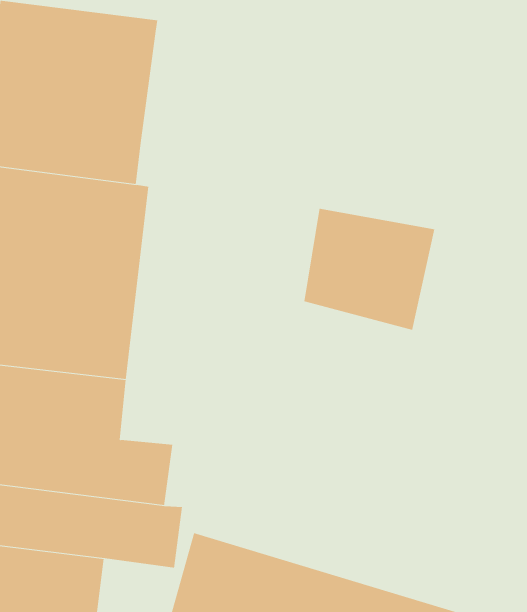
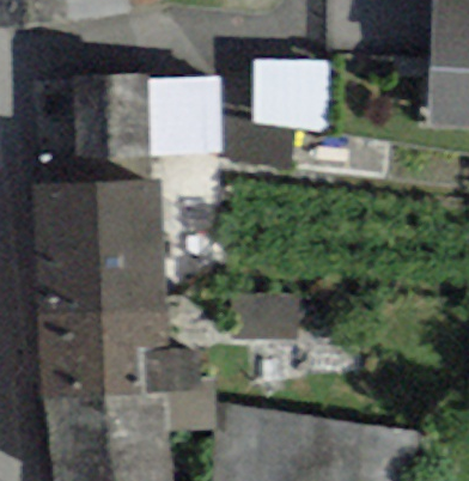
building: none -> [144,77,223,153]
building: [303,208,435,330] -> [254,59,331,128]

